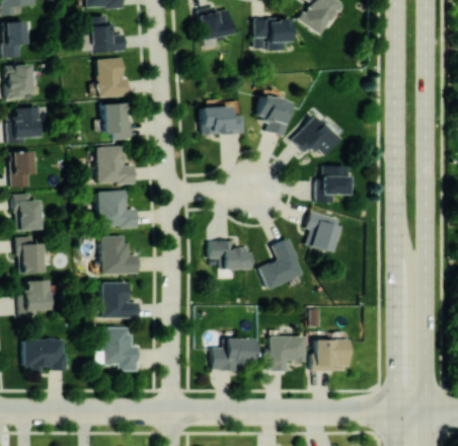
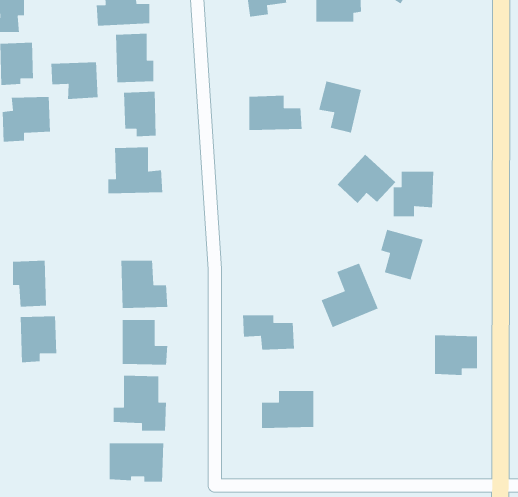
building: none -> [51,62,98,100]
building: [291,117,337,156] -> [337,154,396,204]
building: [11,151,34,188] -> none
building: [98,191,137,228] -> none
building: [14,195,41,231] -> none
building: [209,241,250,270] -> [242,314,295,351]
building: [263,337,306,371] -> none
building: [23,340,67,371] -> [109,442,164,482]
building: [312,340,347,372] -> [434,334,478,376]

